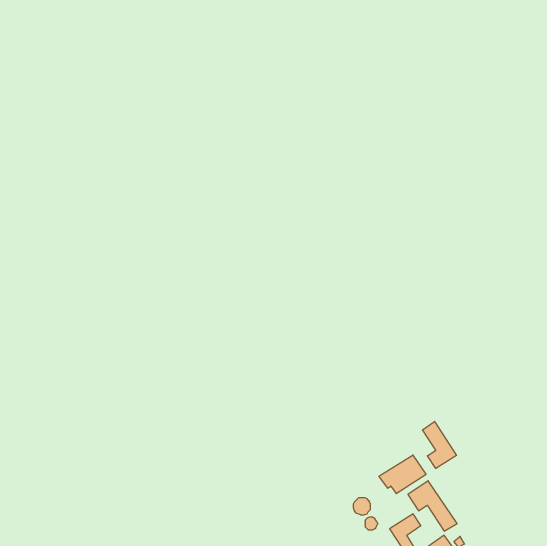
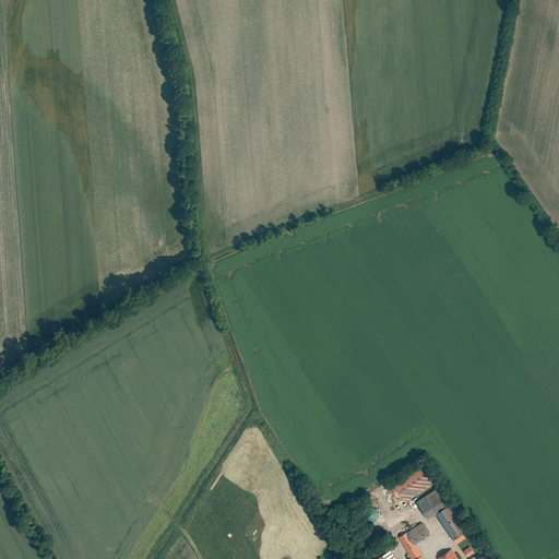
building: [423,421,456,468] -> none

